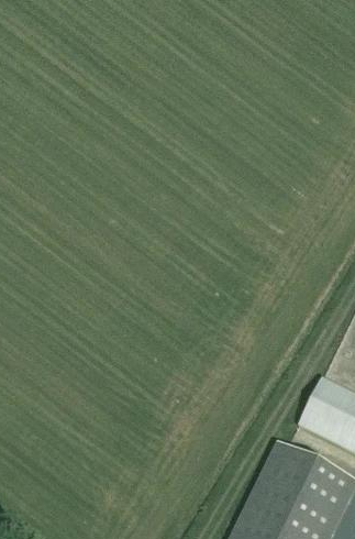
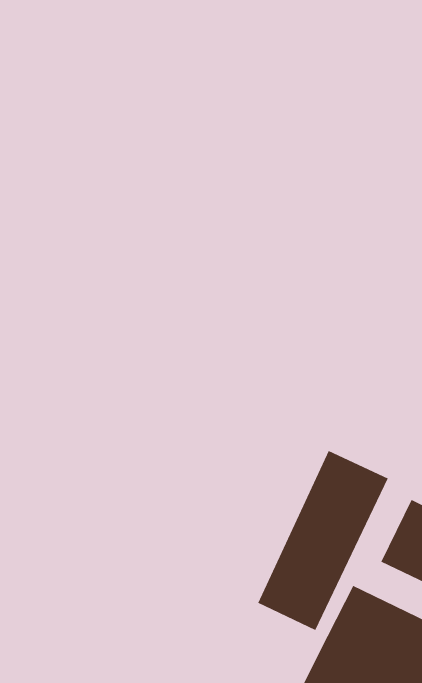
building: none -> [257,450,388,631]

